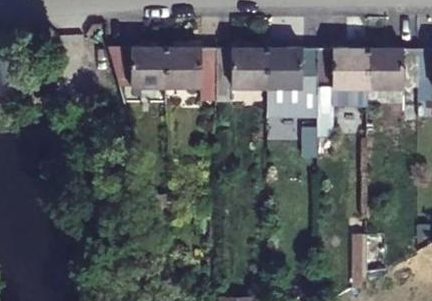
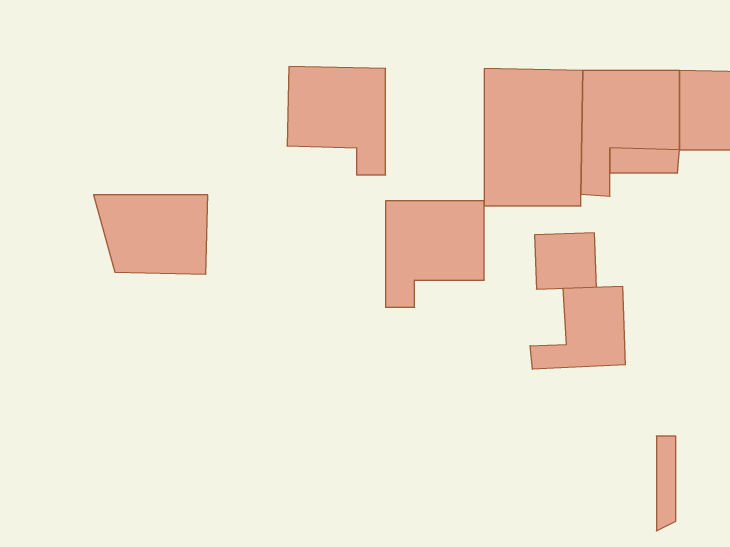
building: [103,46,162,87] -> [94,195,208,274]
building: [212,47,263,102] -> [386,201,484,307]
building: none -> [530,286,625,369]

